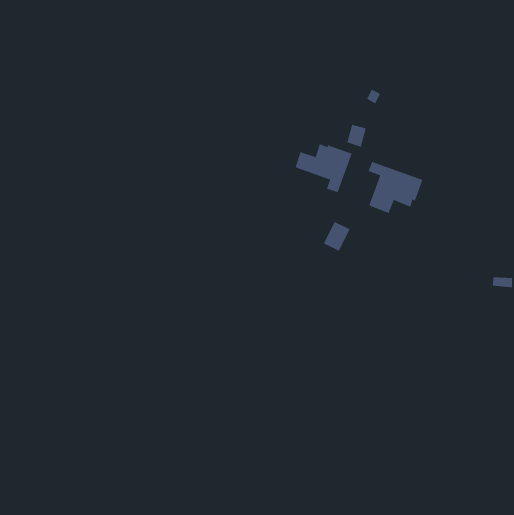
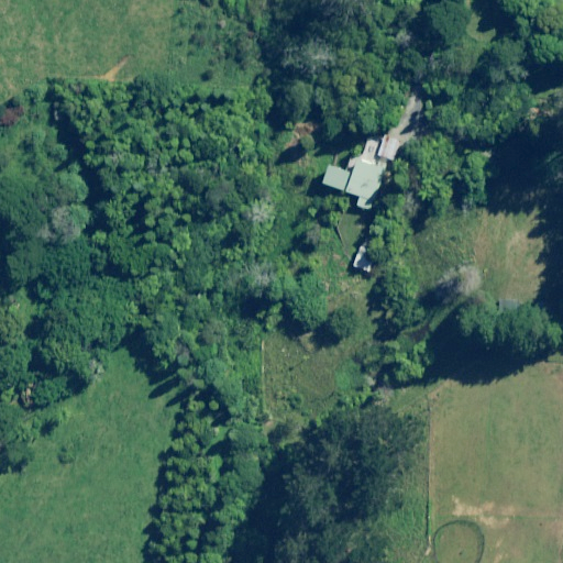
building: [368,161,423,214] -> none

